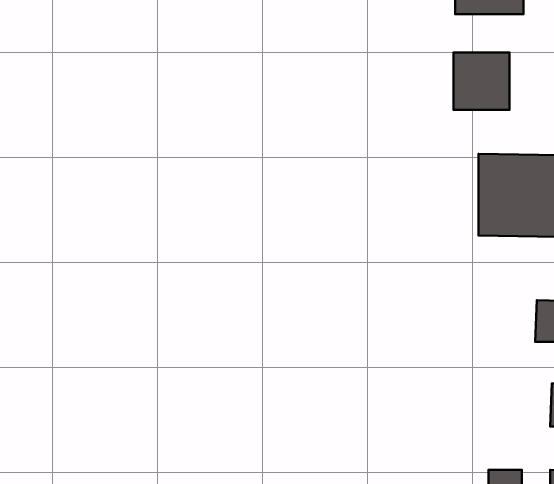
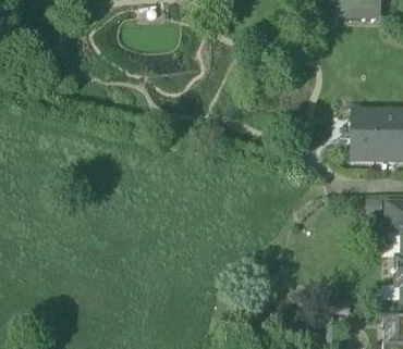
building: [454,53,510,110] -> none

